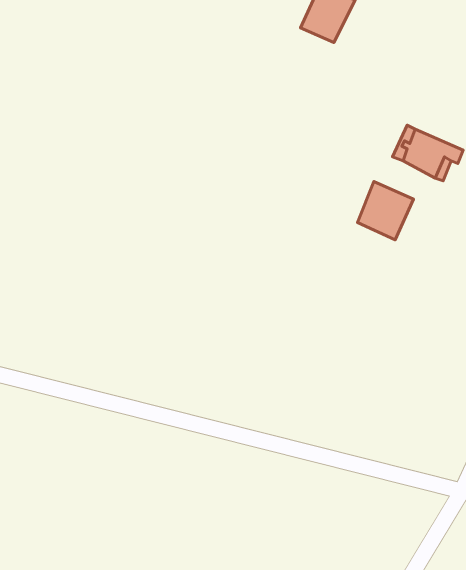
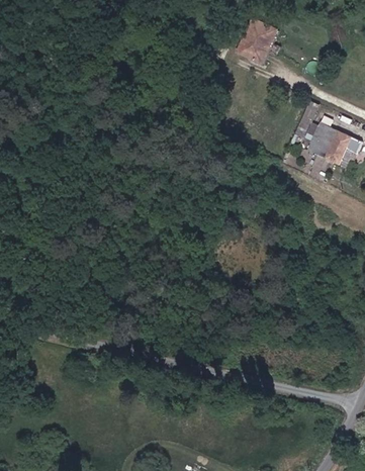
building: [357,182,413,240] -> none

